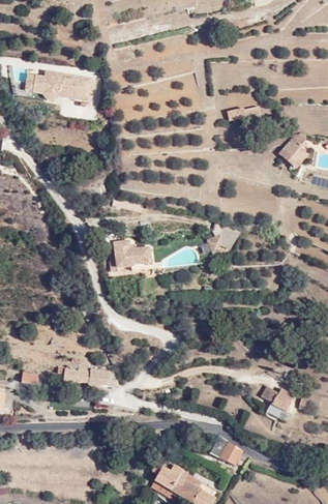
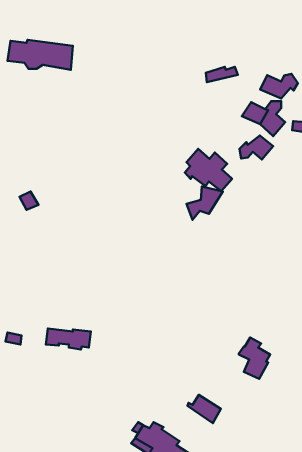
building: none -> [260,74,298,99]
building: none -> [240,135,273,159]
building: none -> [185,149,232,191]
building: [114,240,153,267] -> none

